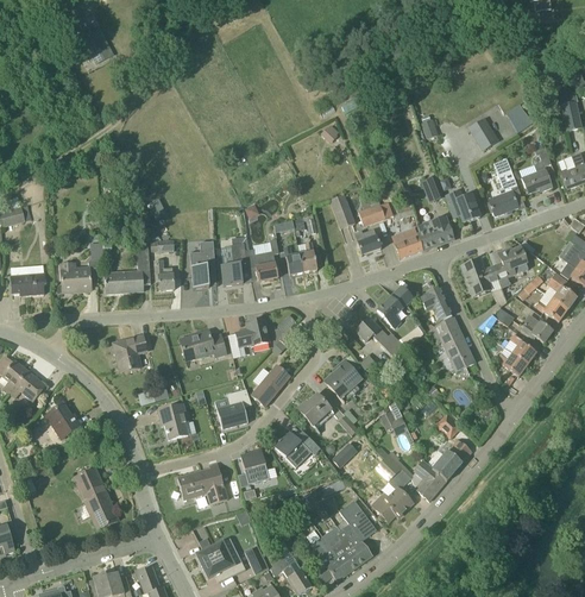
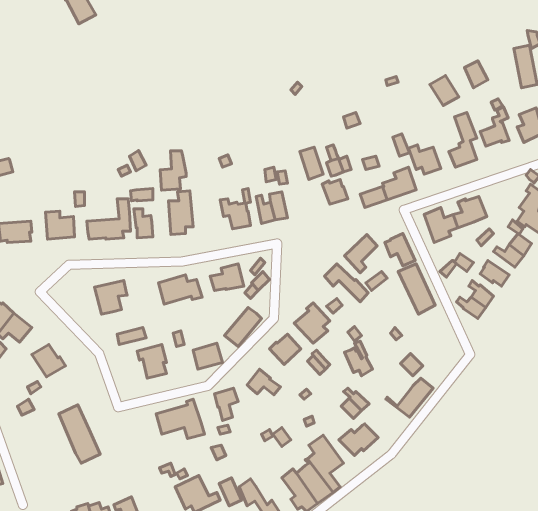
building: [222,244,250,285] -> [160,151,186,190]
building: [413,461,447,501] -> none

